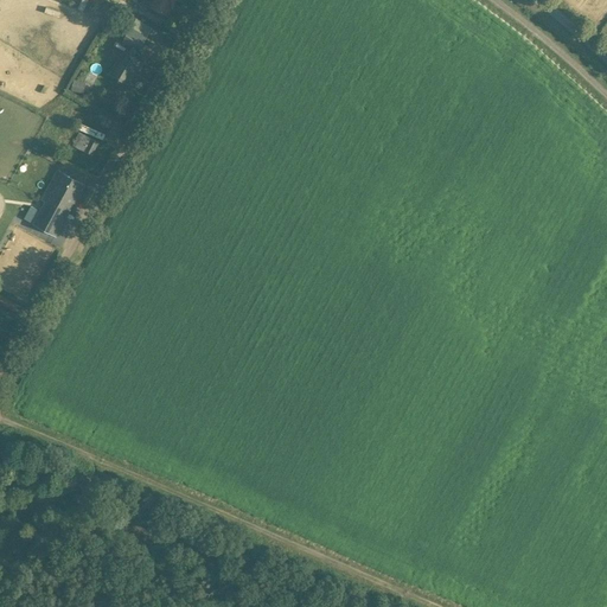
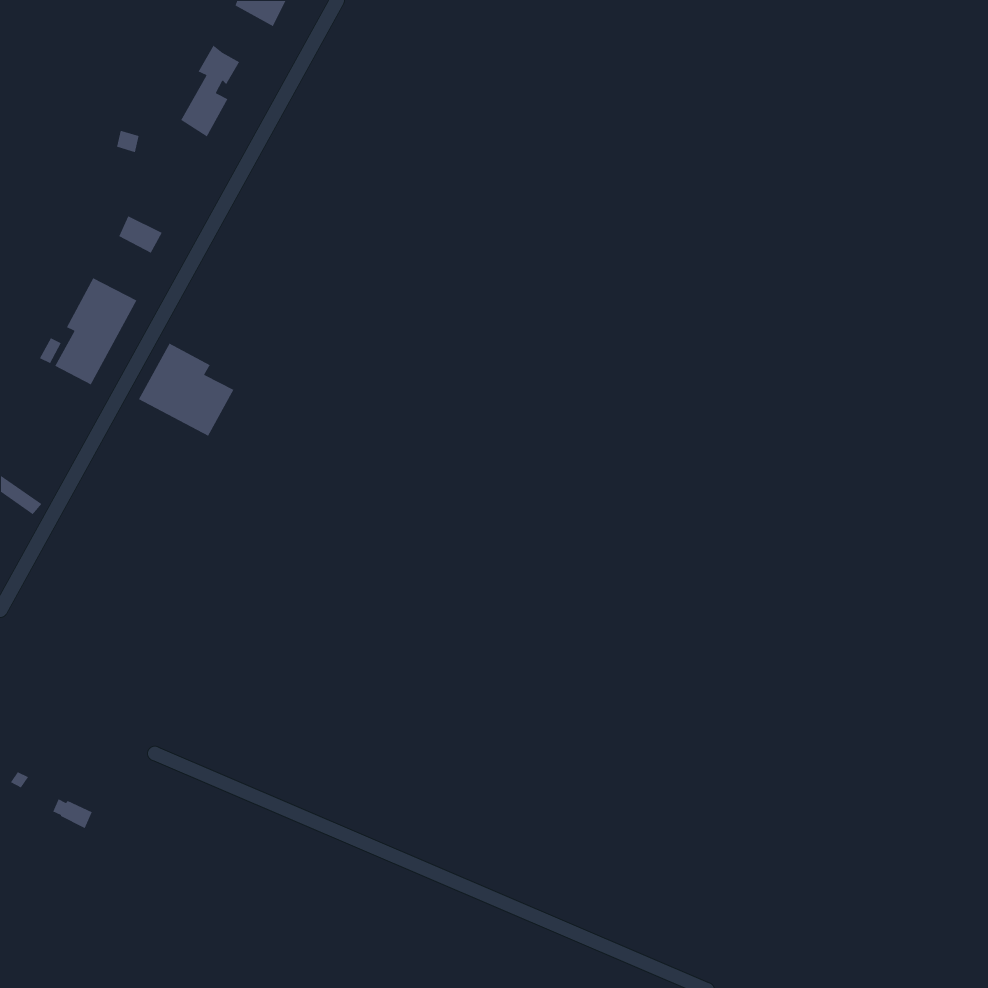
building: none -> [138,342,235,437]

